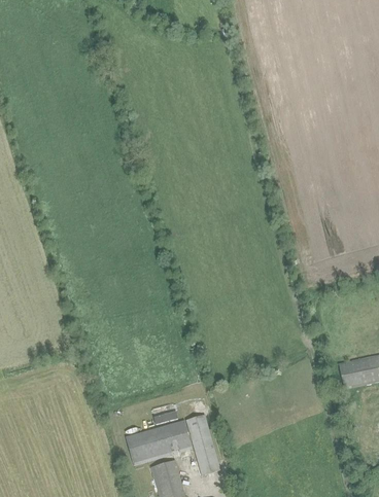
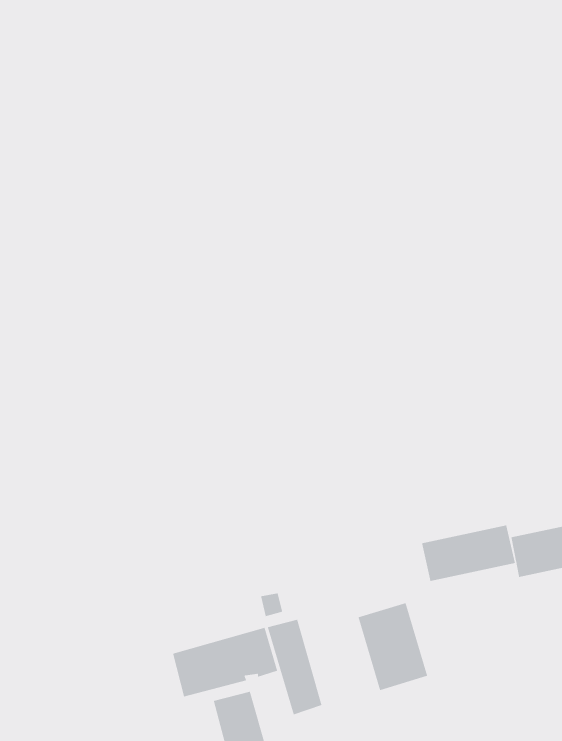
building: none -> [421,525,516,582]
building: none -> [358,602,428,691]

